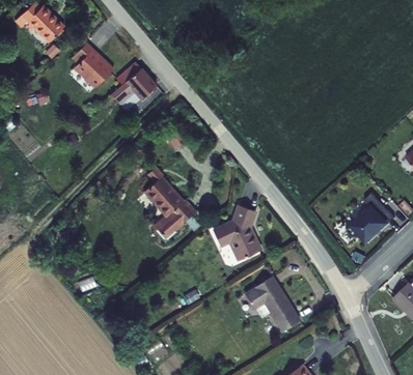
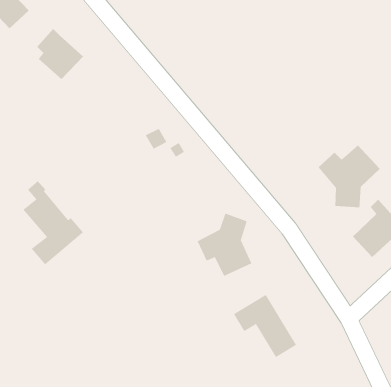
building: [109,61,158,105] -> none
building: none -> [318,145,381,208]
building: [142,166,196,240] -> [22,181,84,265]

